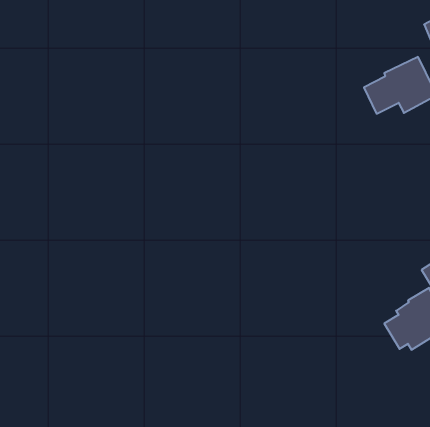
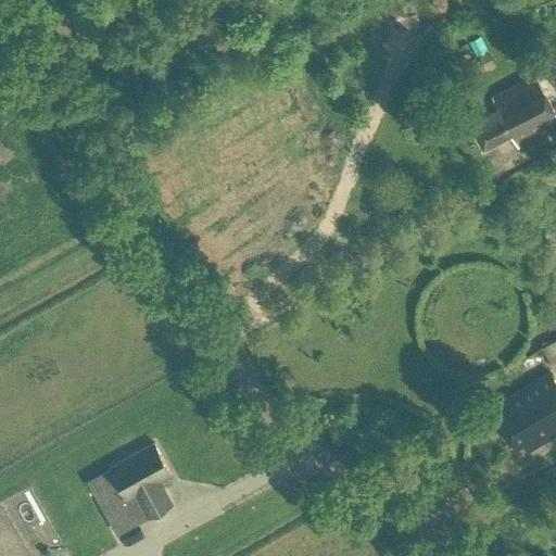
building: none -> [93,447,175,536]

